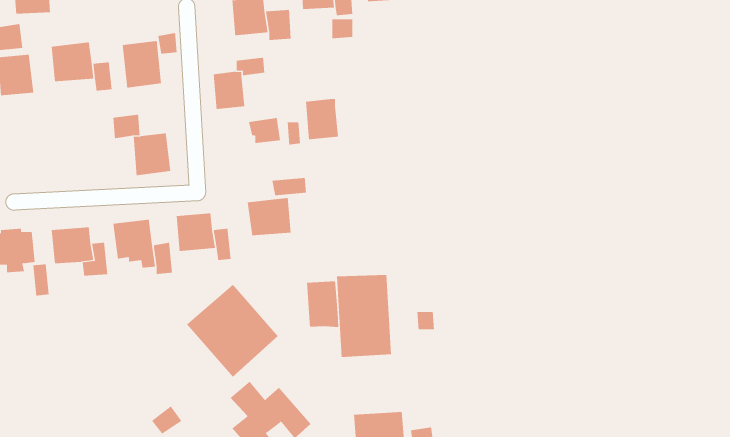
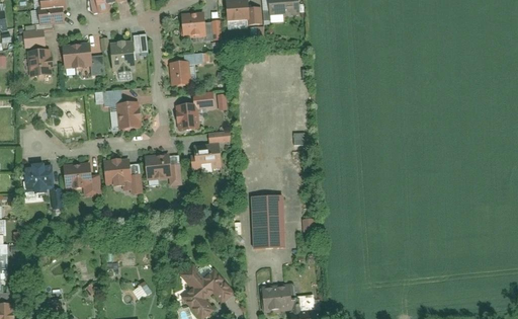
building: [305,98,339,140] -> [176,102,198,130]
building: [307,280,339,328] -> none
building: [186,284,278,377] -> none

